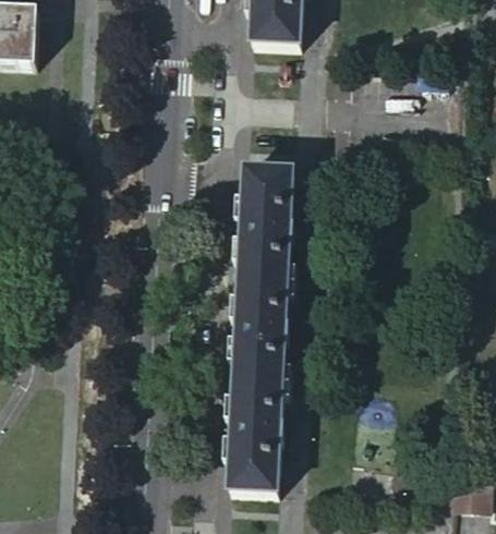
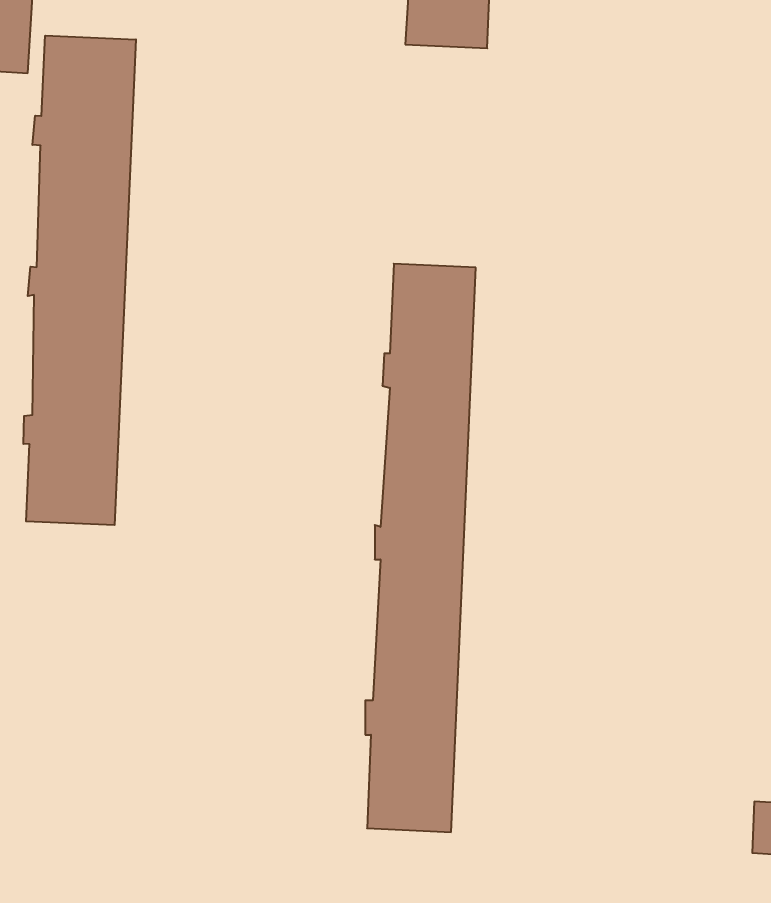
building: none -> [23,36,136,525]

